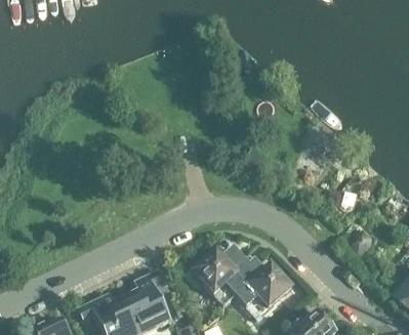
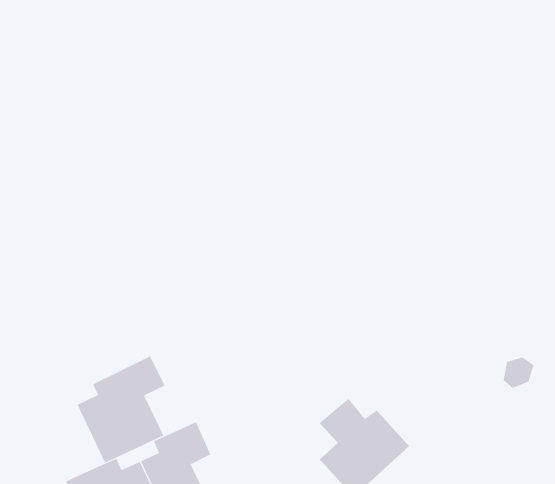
building: none -> [77,355,165,463]
building: [194,244,249,304] -> none

